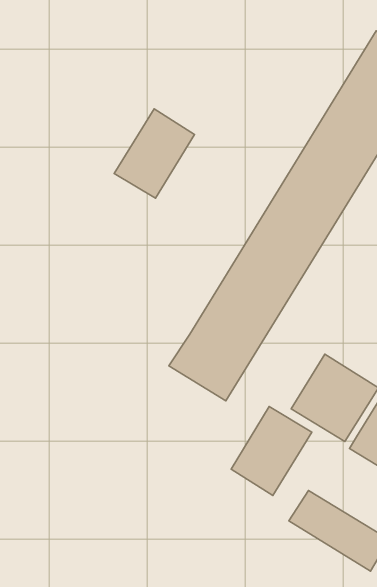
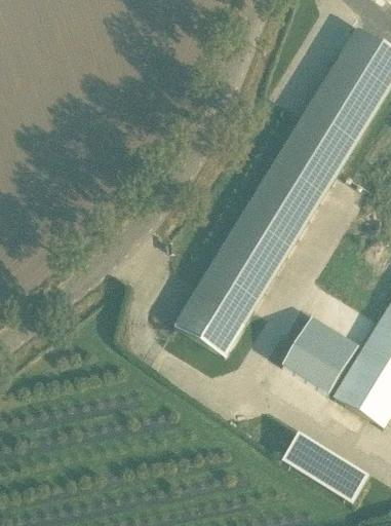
building: [114,109,194,198] -> none
building: [231,407,312,495] -> none

